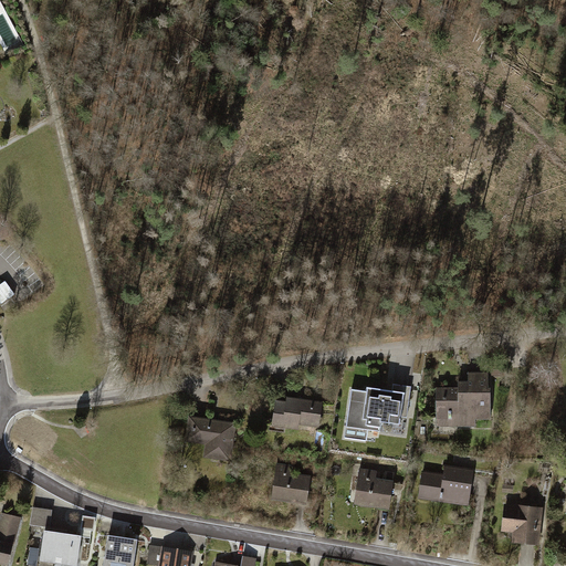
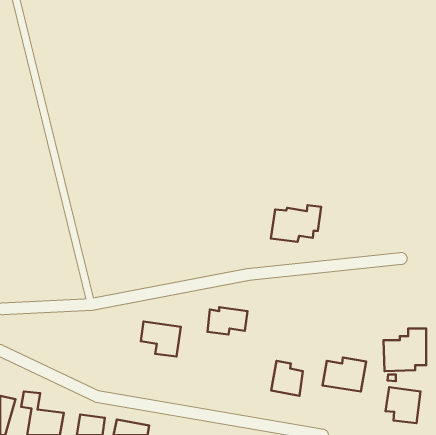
building: [434,373,490,428] -> [384,328,426,371]
building: [343,384,408,431] -> [271,205,321,242]
building: [270,463,310,505] -> none

